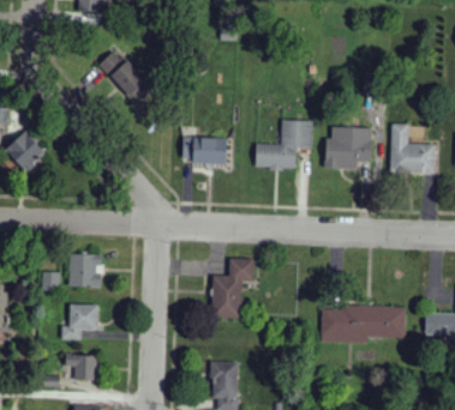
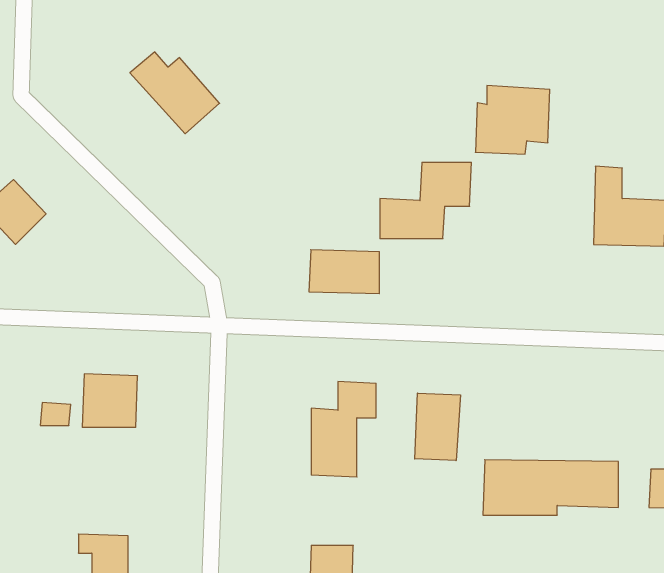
building: [325,126,372,169] -> [475,86,550,154]
building: [182,135,227,163] -> [309,250,379,294]
building: none -> [415,393,460,461]
building: [61,303,98,339] -> none

